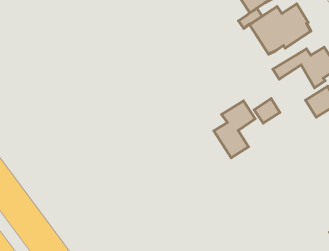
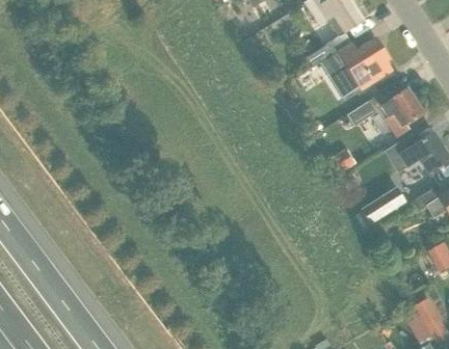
building: [214,101,255,158] -> none
building: none -> [362,187,406,223]

